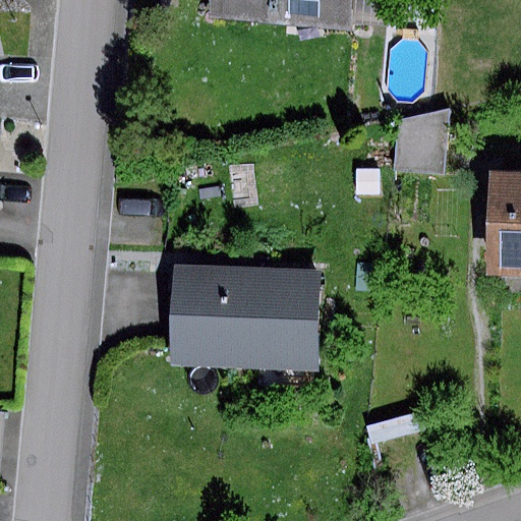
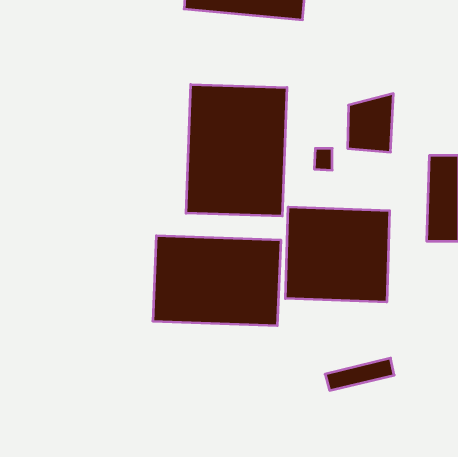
building: none -> [186,84,287,216]
building: none -> [285,207,390,302]

